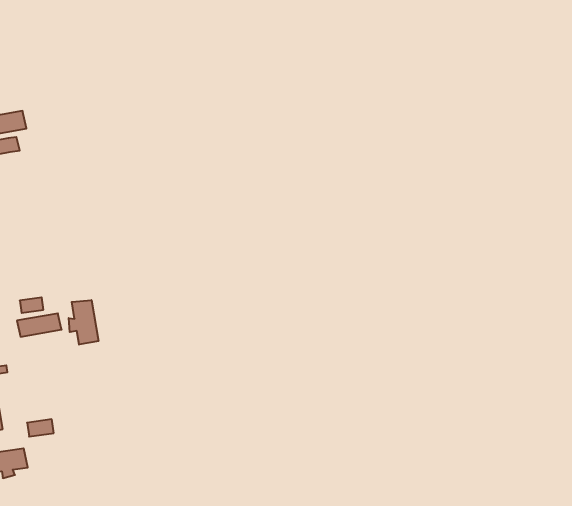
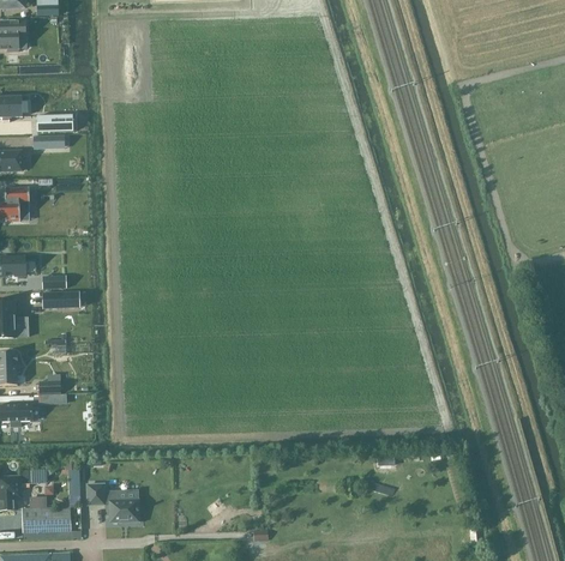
building: [69,300,98,345] -> none

